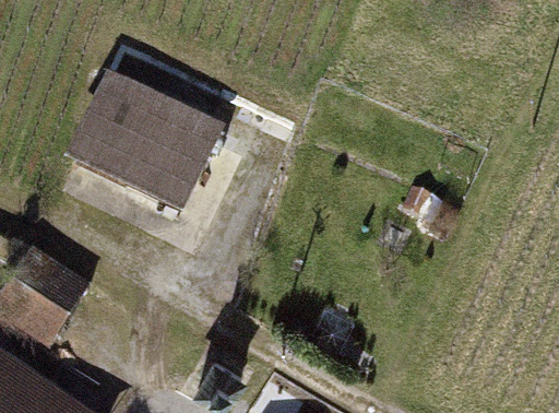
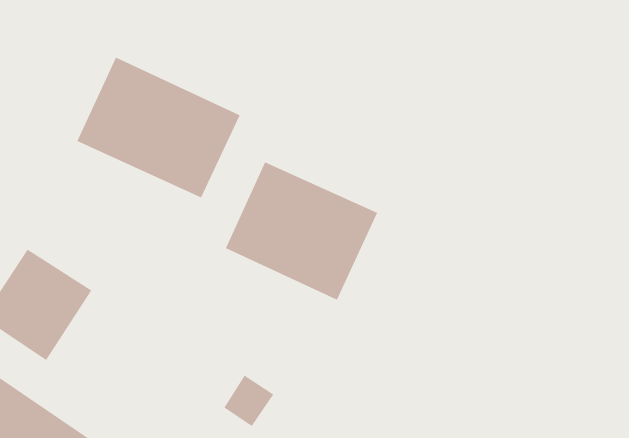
building: none -> [225,161,378,300]

